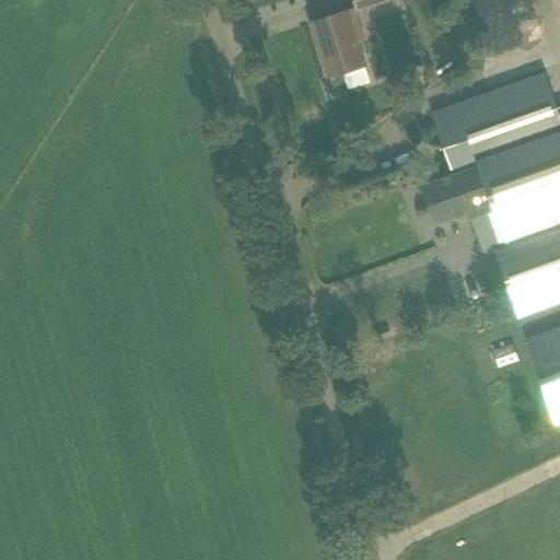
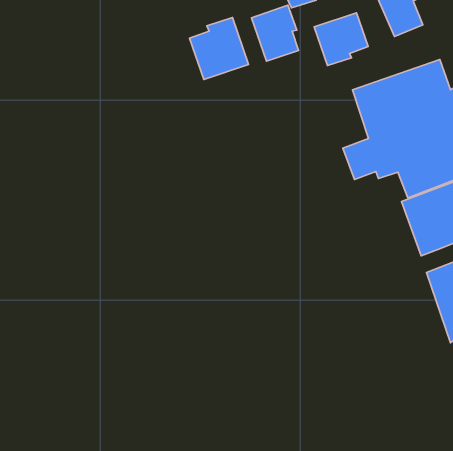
building: none -> [314,13,368,66]
building: none -> [189,17,249,80]

